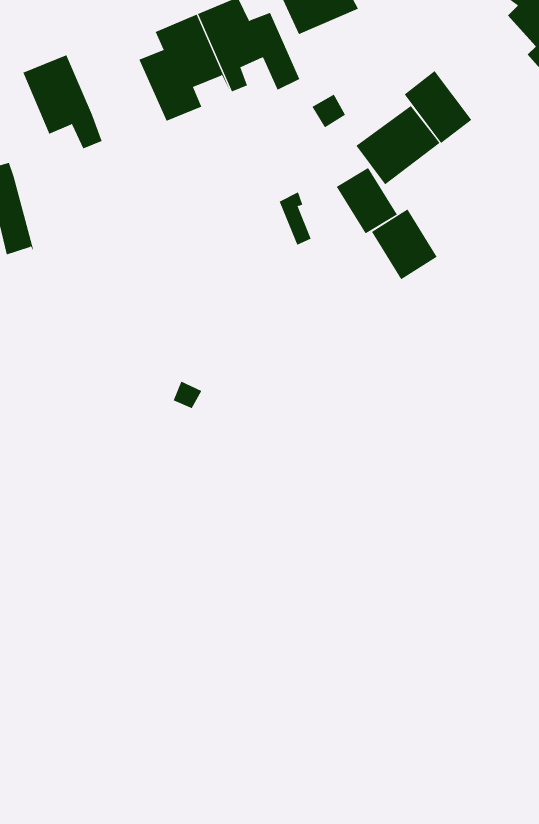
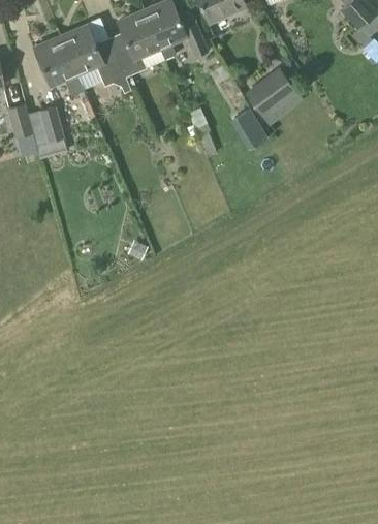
building: none -> [60,24,123,86]
building: [404,70,472,144] -> none
building: none -> [27,105,69,159]
building: [371,208,438,280] -> none

